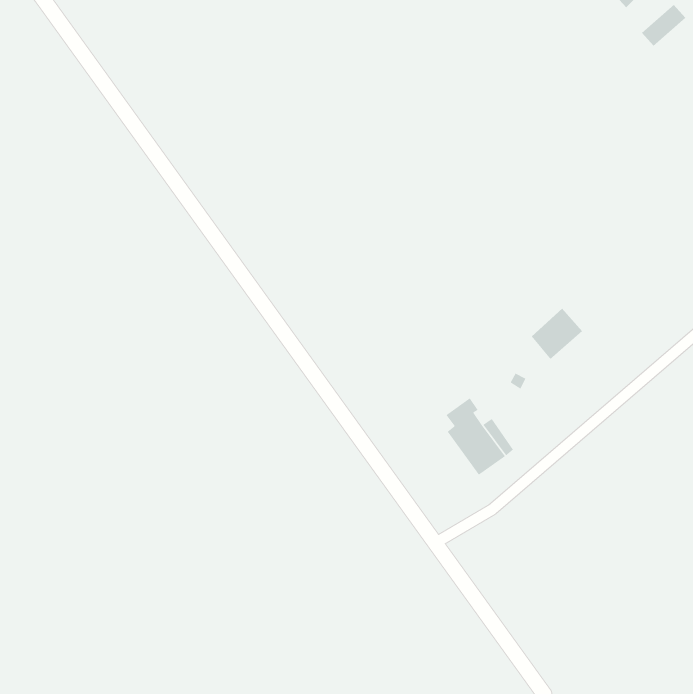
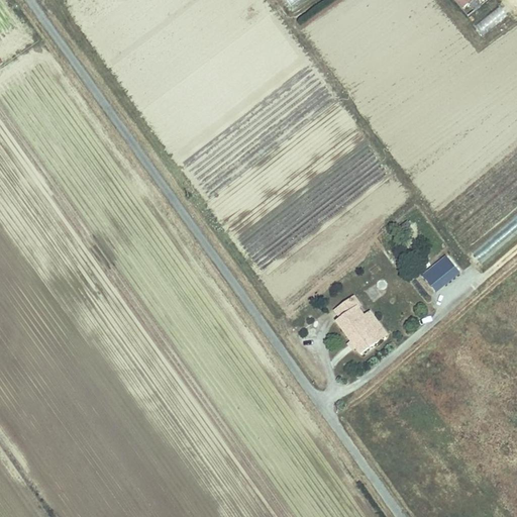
building: [531,308,583,360] -> [426,252,464,291]

